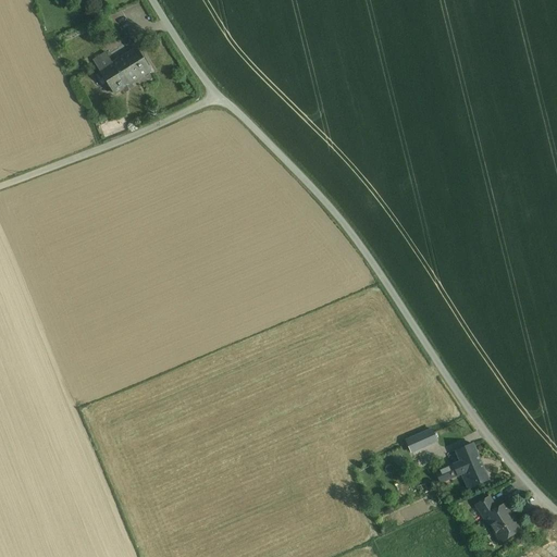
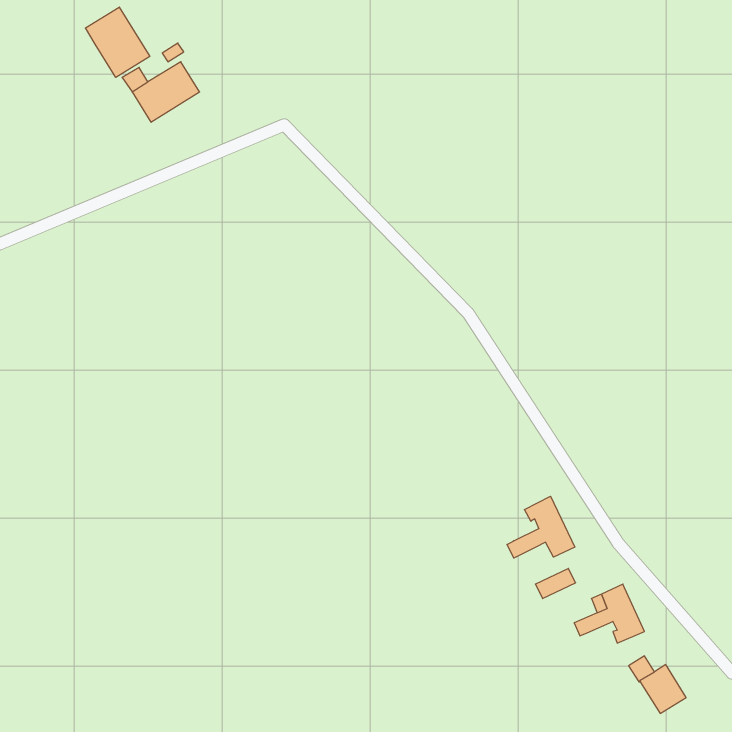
building: none -> [85,7,150,77]
building: none -> [507,496,575,558]

